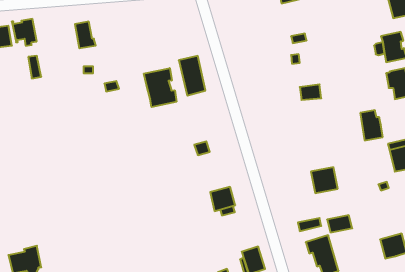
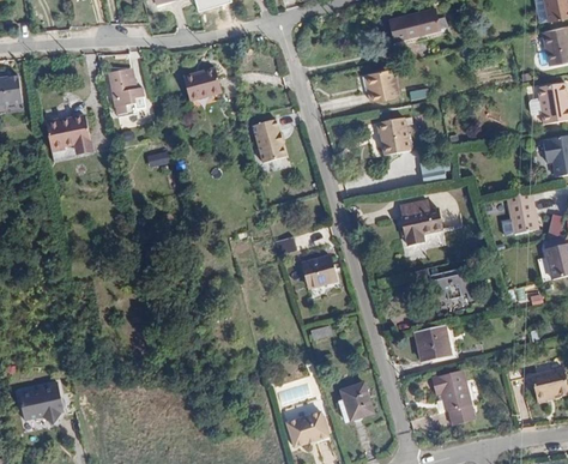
building: [12,19,37,46] -> [56,114,91,151]
building: none -> [365,67,397,101]
building: none -> [182,68,223,107]
building: none -> [376,116,411,155]
building: [144,68,176,107] -> none
building: none -> [399,200,442,246]
building: [210,187,235,211] -> [302,255,337,289]
building: [327,215,352,232] -> [413,325,448,349]

